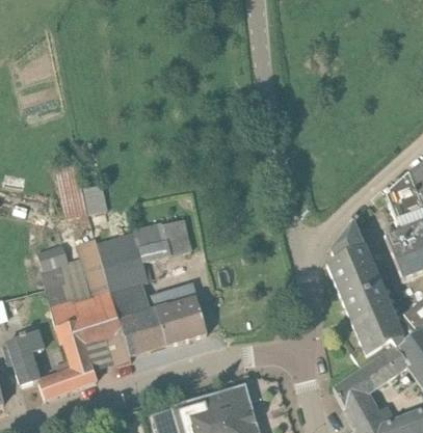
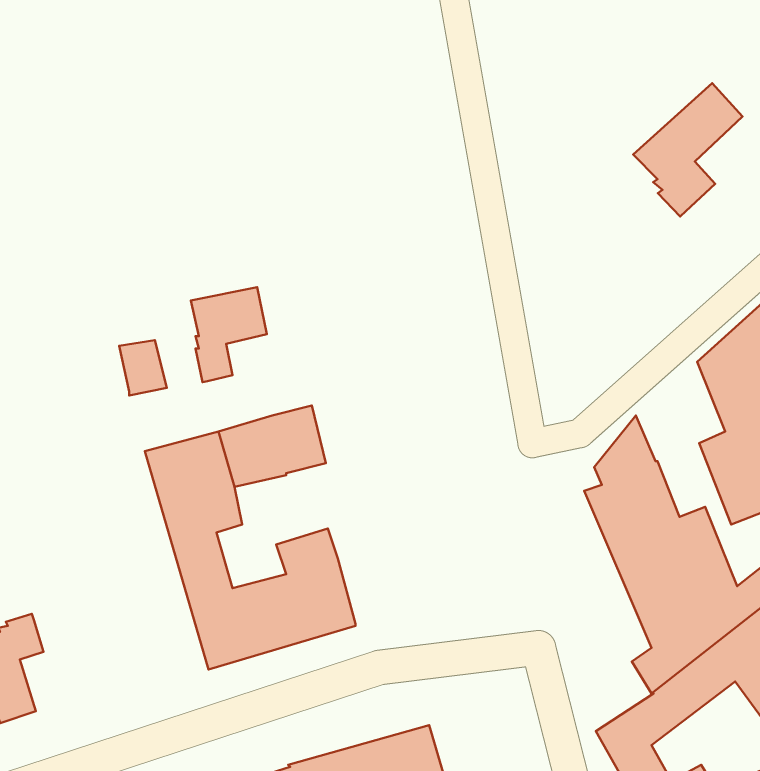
building: none -> [633,83,742,216]
building: none -> [191,287,267,382]
building: [36,242,131,399] -> none

